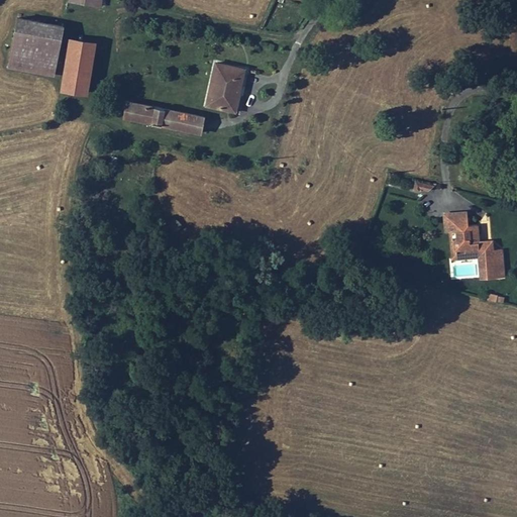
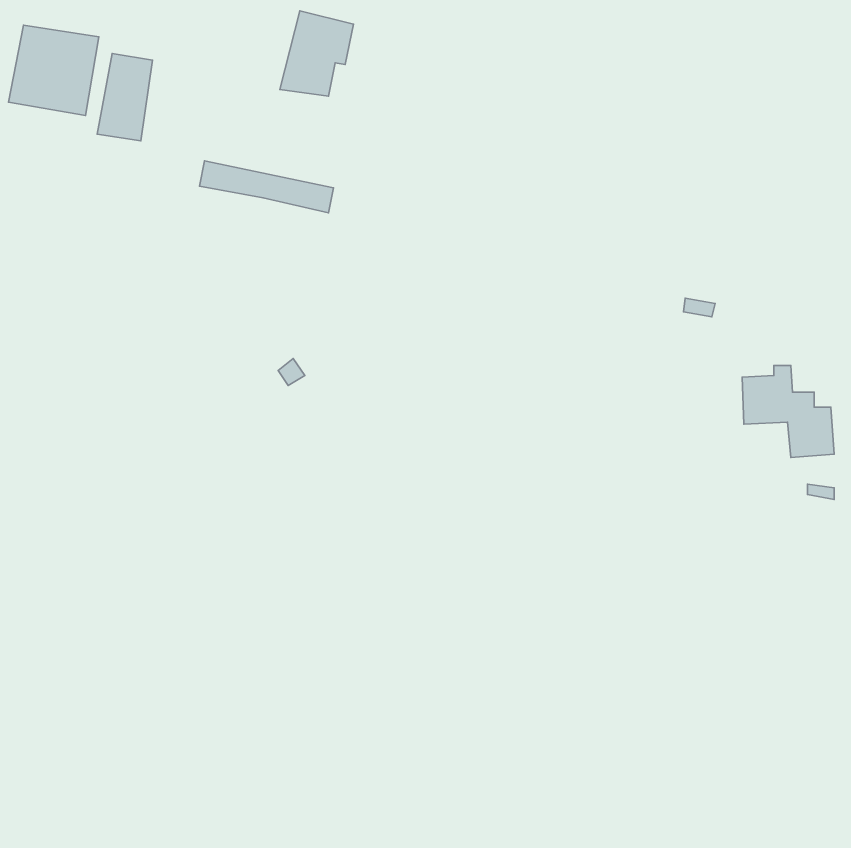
building: [204,61,248,112] -> [280,11,354,96]
building: [443,211,470,233] -> none

